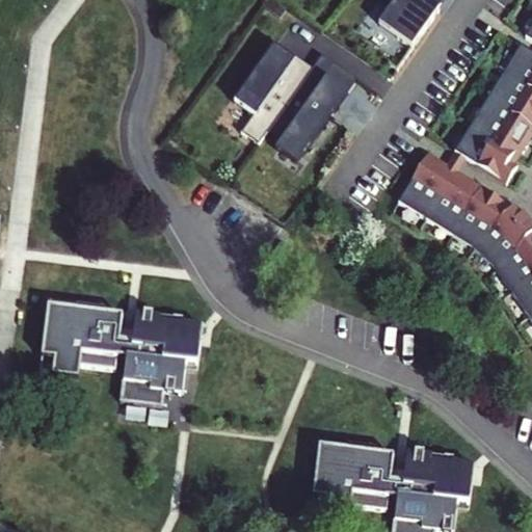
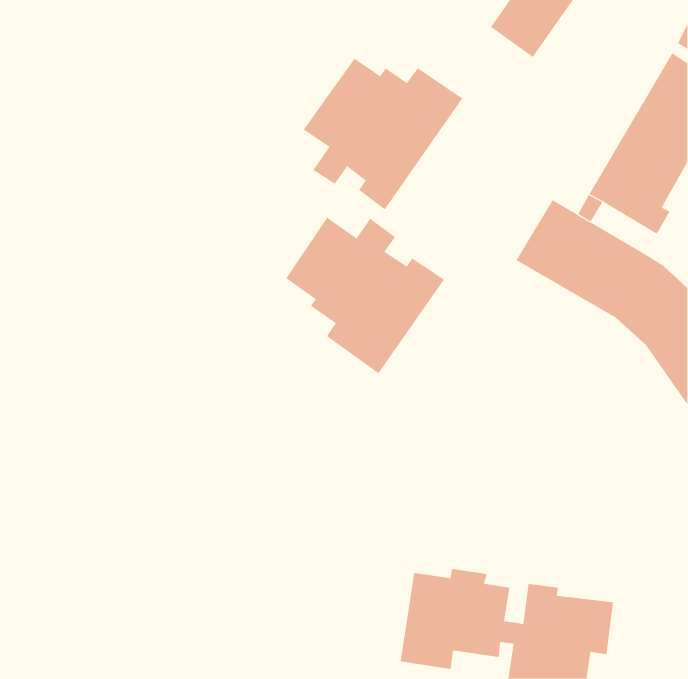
building: none -> [286,217,445,374]
building: [38,298,203,402] -> none

